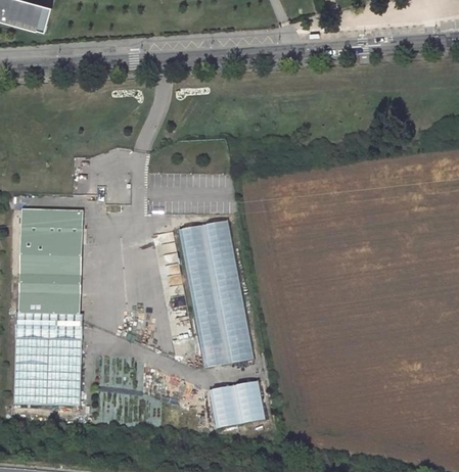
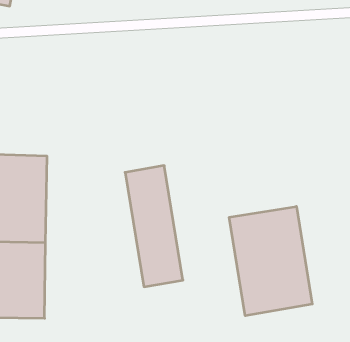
building: none -> [229,206,312,316]
building: [208,380,264,428] -> none

